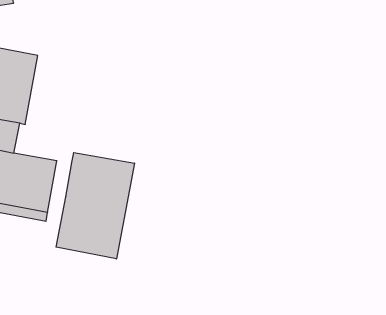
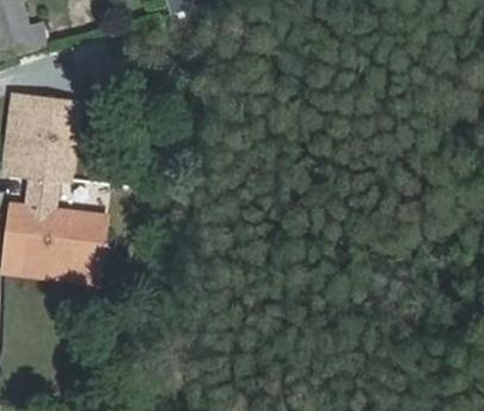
building: [56,153,134,259] -> none

